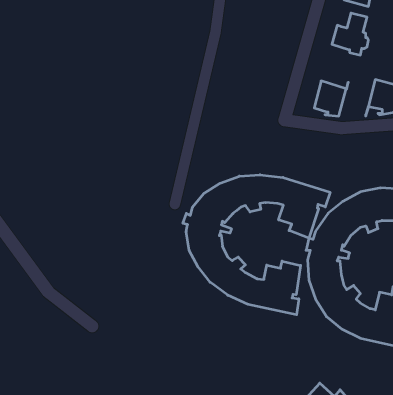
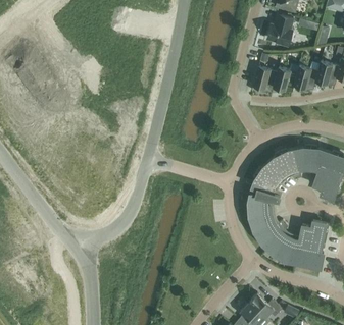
building: none -> [272,65,299,93]
building: [183,175,330,315] -> none

